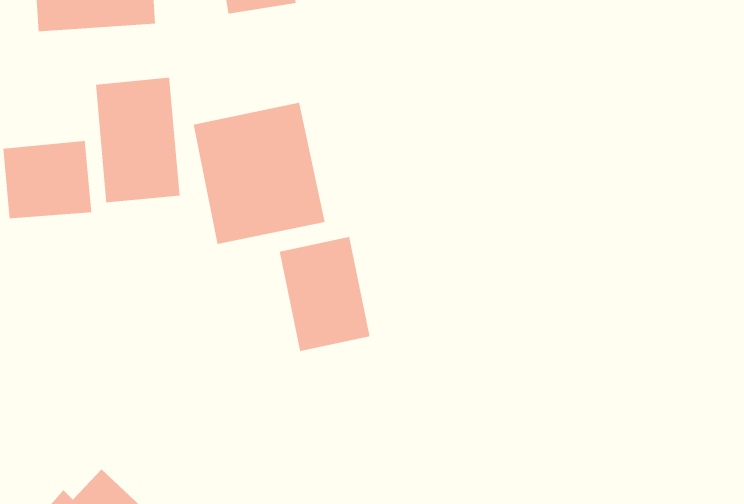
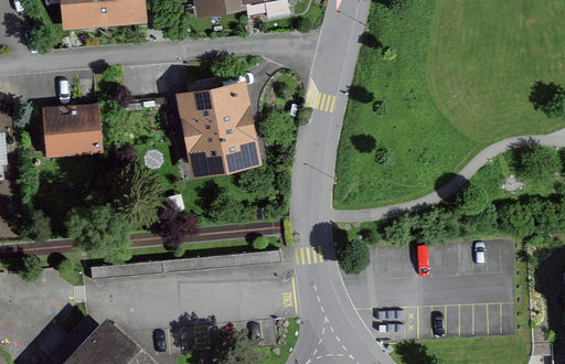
building: [95,77,180,203] -> none
building: [279,236,370,352] -> none

